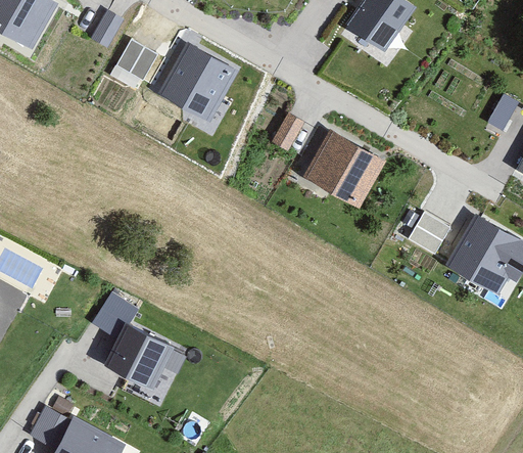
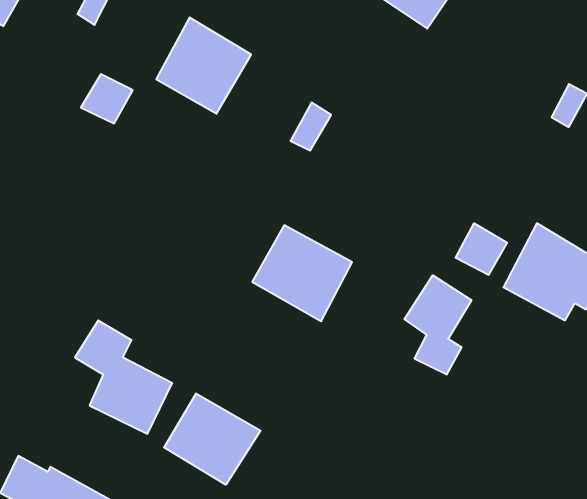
building: [114,41,157,82] -> [81,74,133,123]
building: [302,128,385,208] -> [252,225,352,321]
building: none -> [404,275,471,375]
building: none -> [164,393,261,485]

